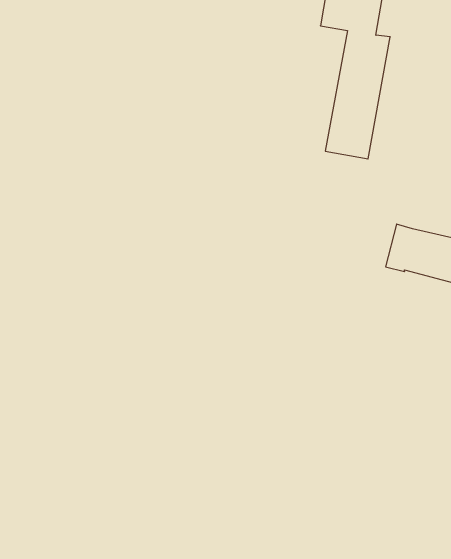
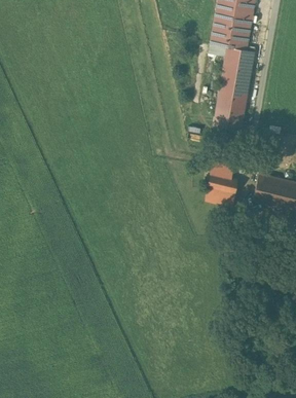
building: none -> [207,169,229,193]

